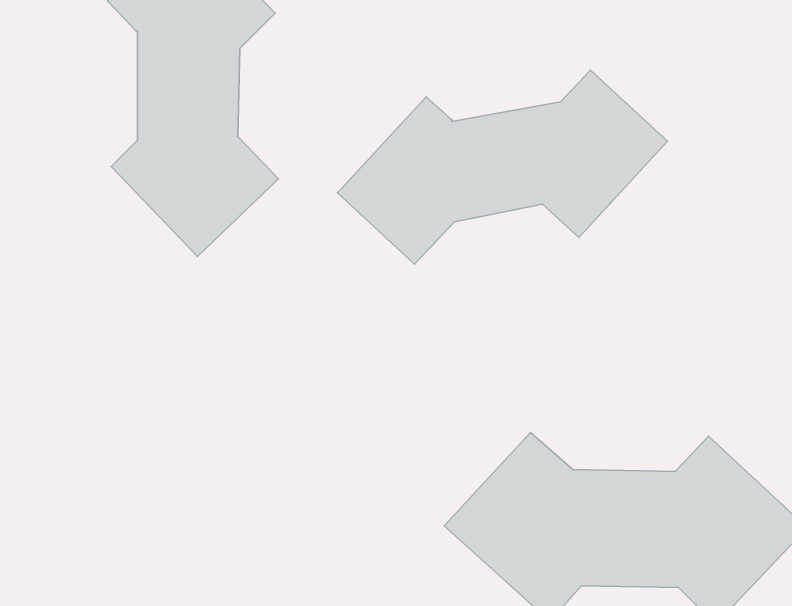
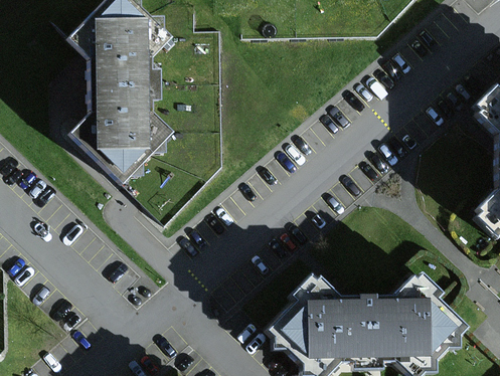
building: [338,70,667,264] -> none

